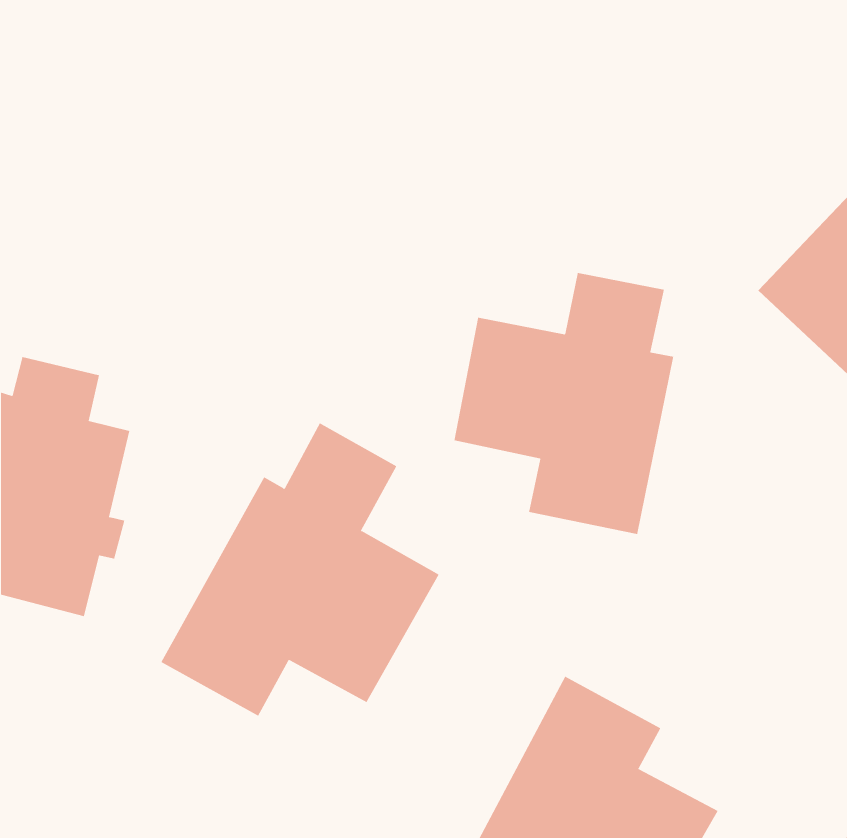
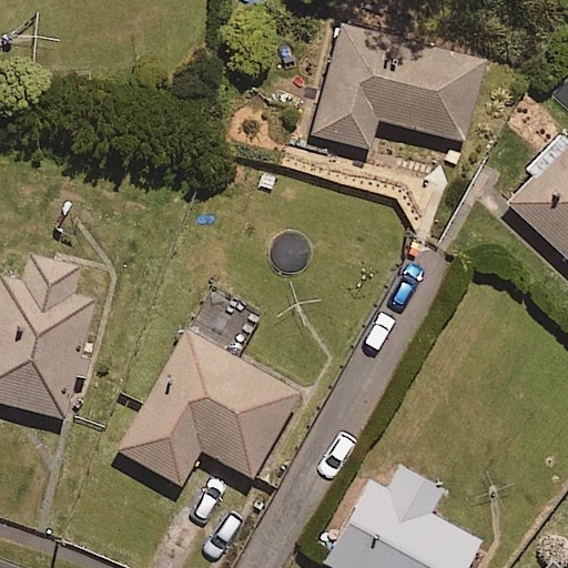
building: none -> [314,21,481,153]
building: [454,272,674,535] -> none

